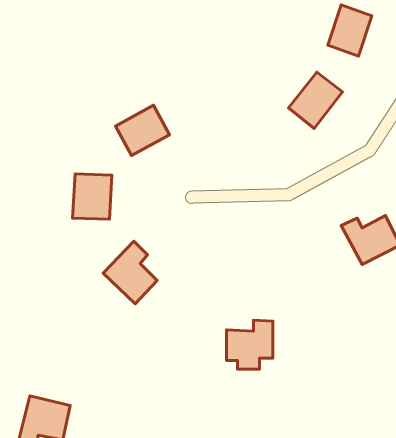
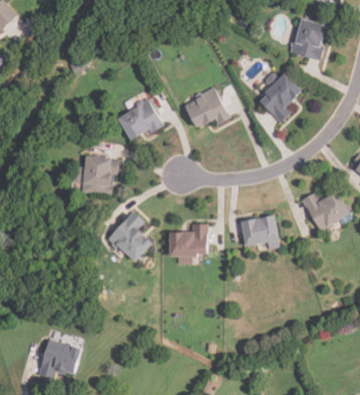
building: none -> [184,88,228,128]
building: none -> [242,217,279,250]
building: [226,320,273,369] -> [168,224,207,264]

